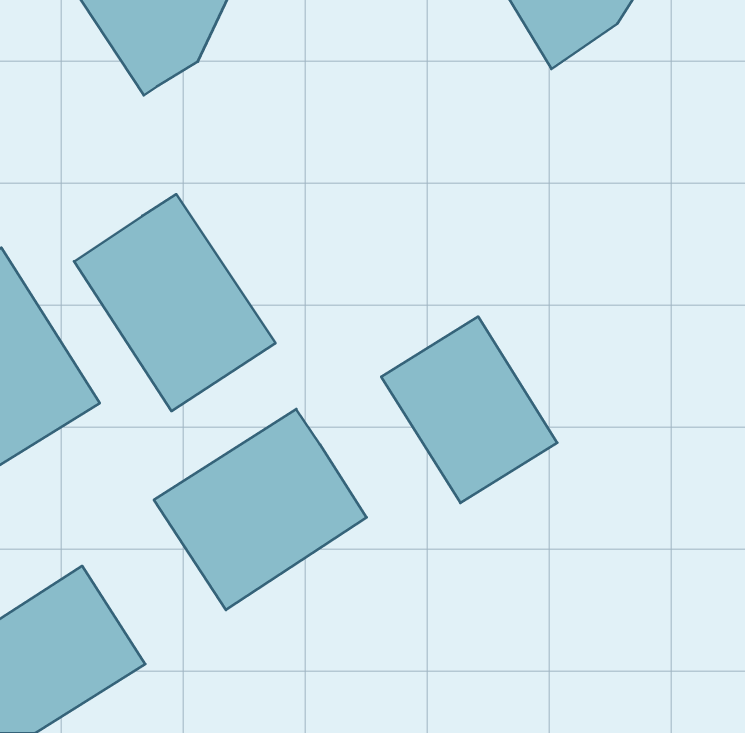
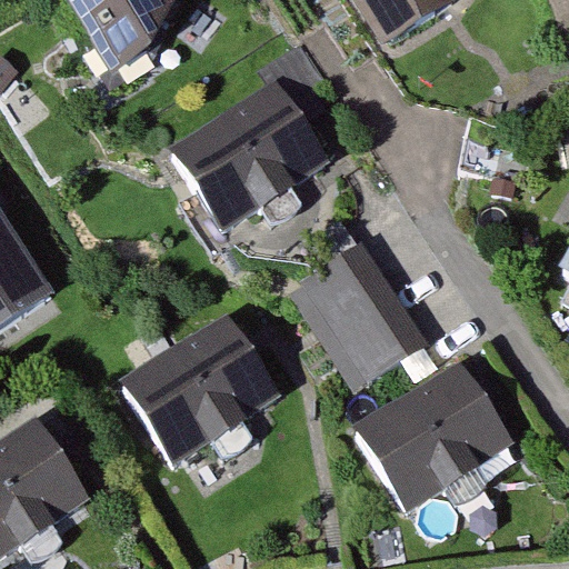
building: none -> [164,74,329,230]
building: [74,194,275,411] -> none
building: none -> [356,366,505,506]

